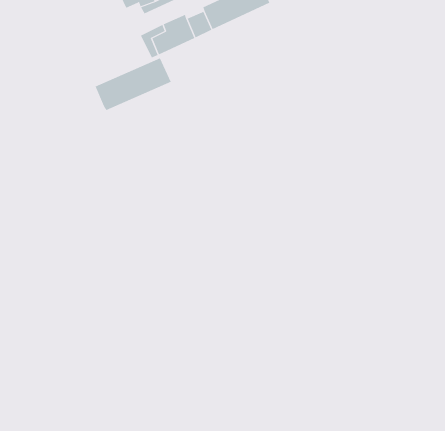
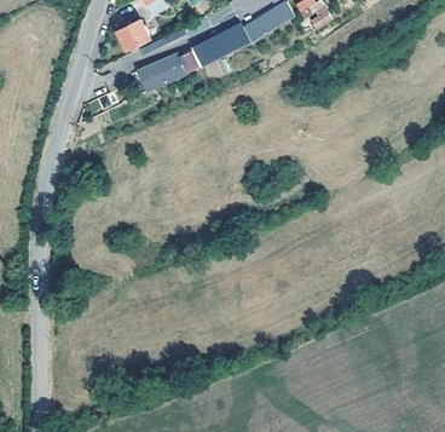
building: [95,58,172,111] -> none

